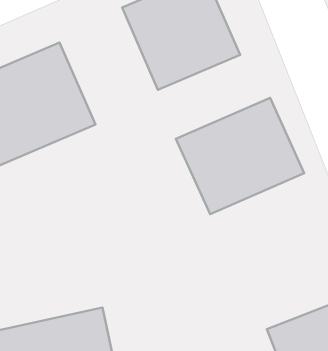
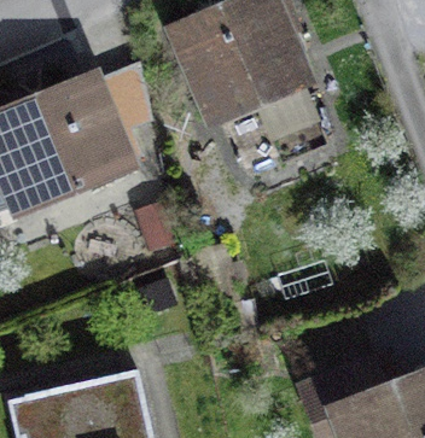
building: [176,98,304,214] -> none

